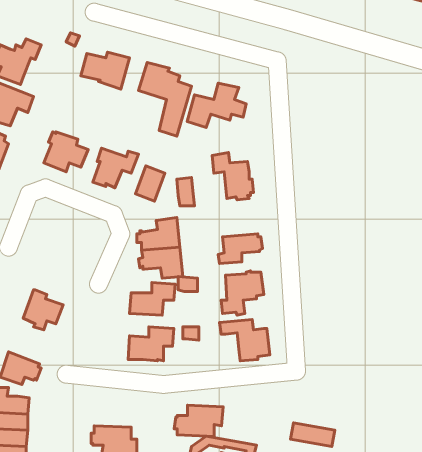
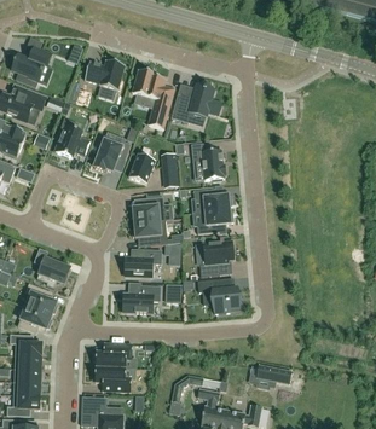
building: none -> [193,187,232,210]
building: none -> [25,283,58,314]
building: [174,405,223,436] -> [93,341,133,366]

